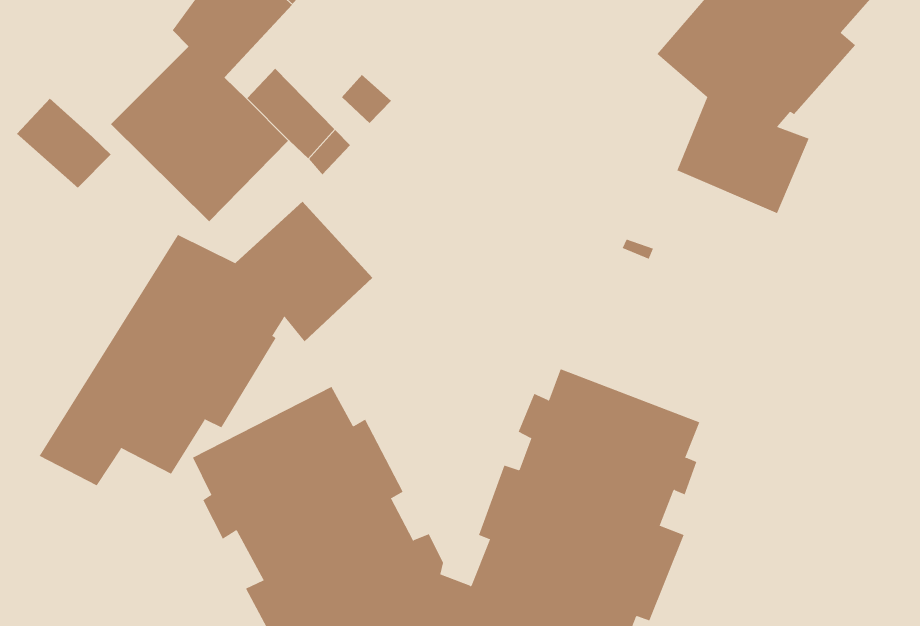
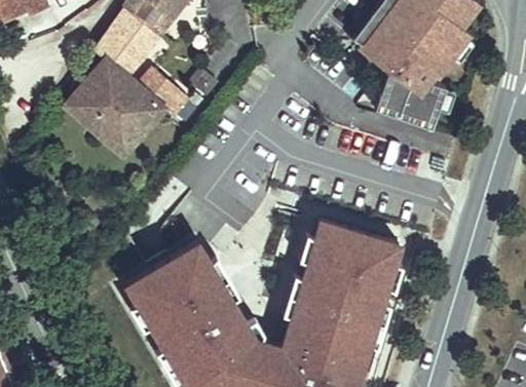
building: [16,98,111,188] -> none
building: [39,201,373,486] -> none

